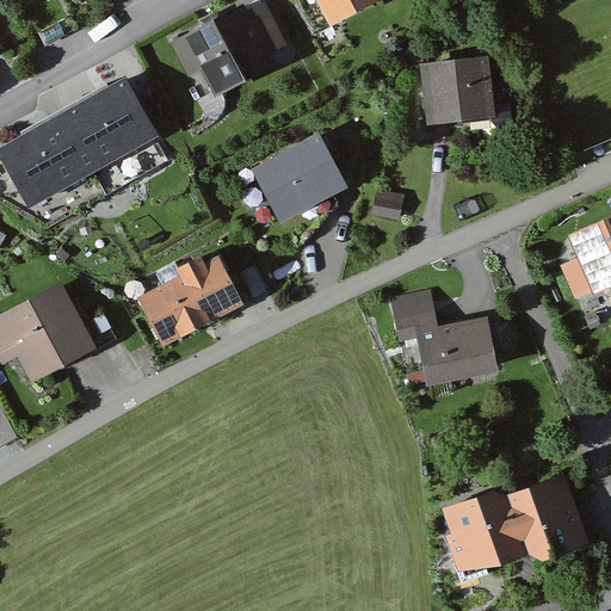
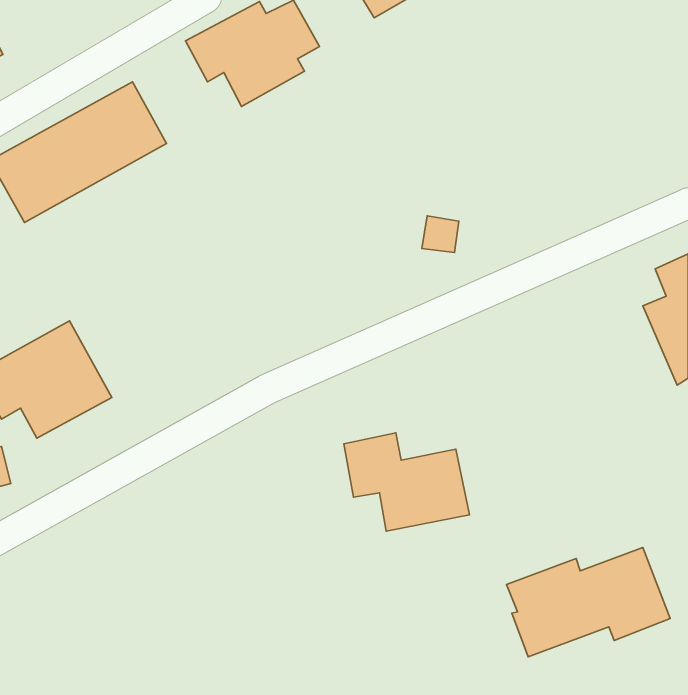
building: [421,55,498,125] -> none
building: [252,131,351,223] -> none
building: [141,254,248,347] -> none
building: [390,304,500,390] -> [344,433,470,531]

